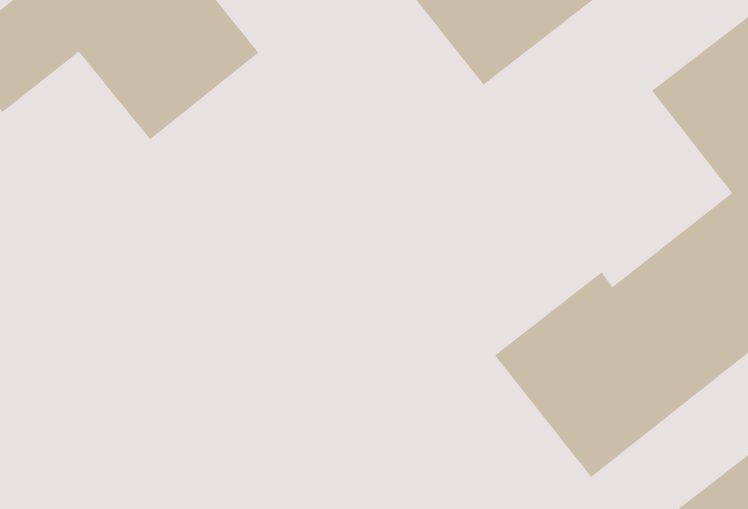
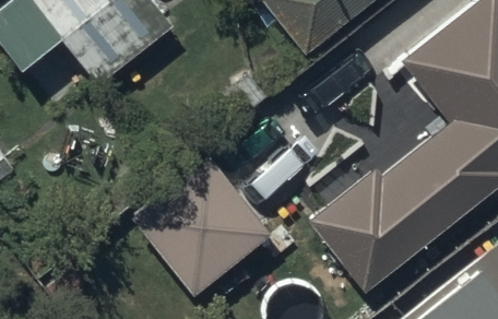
building: none -> [133,155,274,297]

